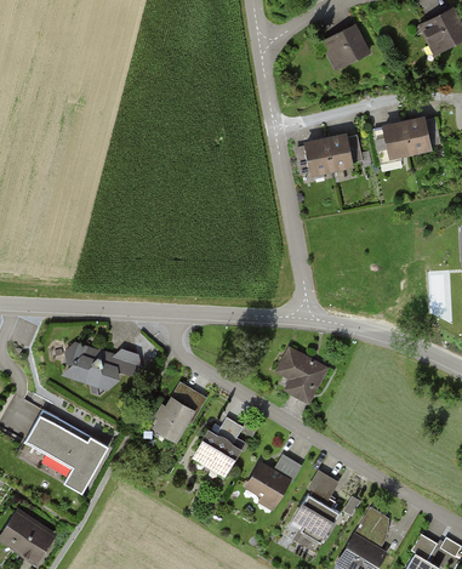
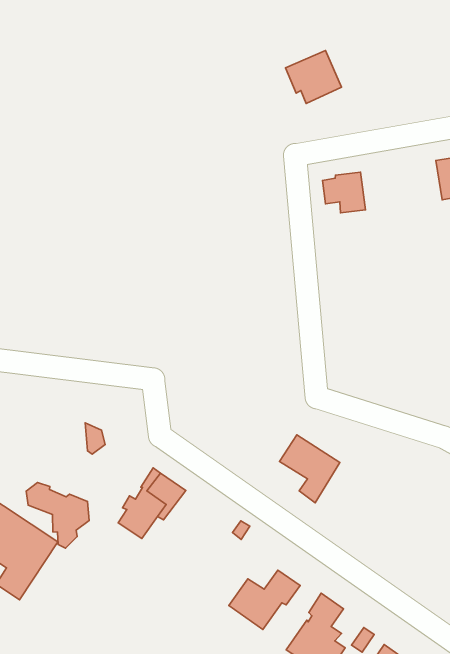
building: [323,25,367,68] -> [286,50,342,103]
building: [324,136,350,170] -> none
building: [64,345,115,394] -> [26,483,89,548]
building: [193,417,241,473] -> none

